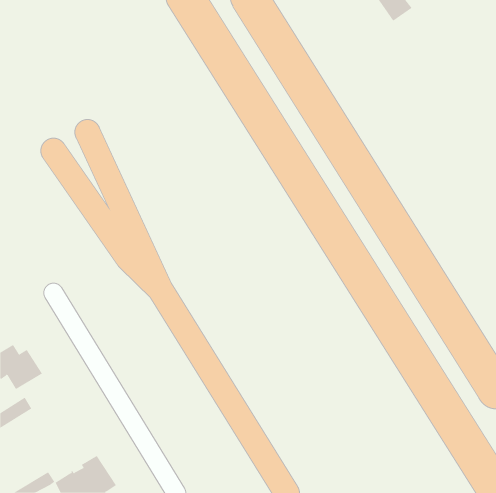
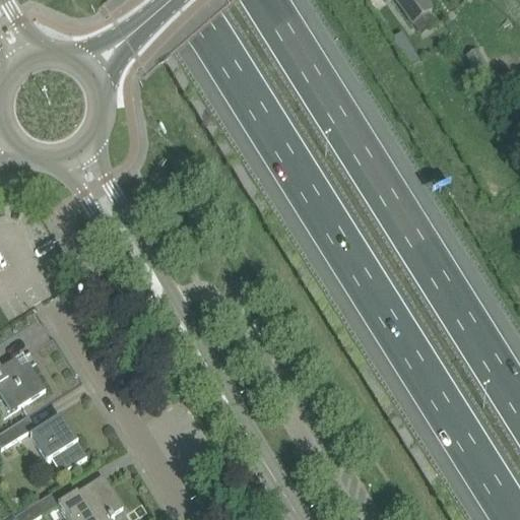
building: none -> [28,415,85,473]

